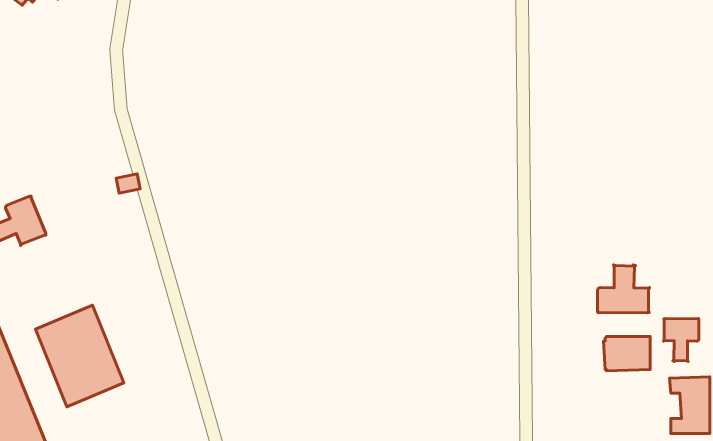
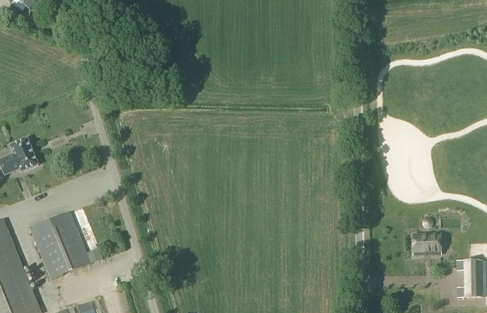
building: [597,265,650,313] -> none
building: [663,318,699,362] -> none

